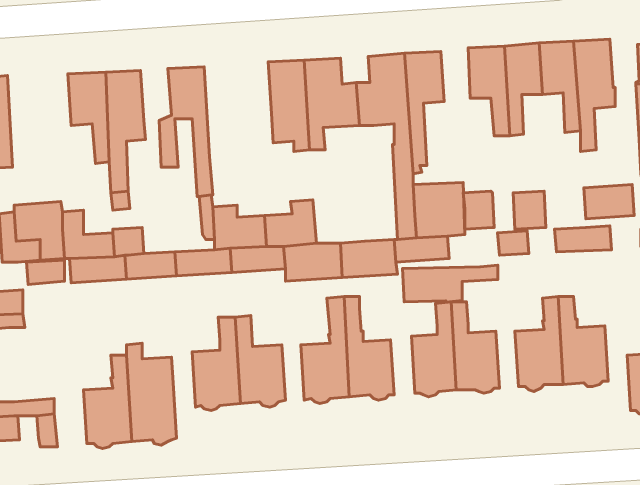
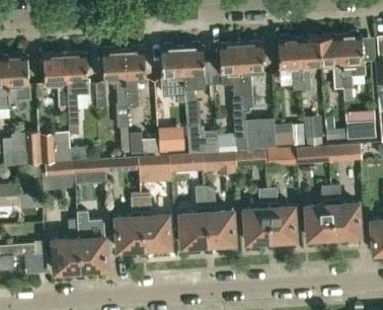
building: none -> [123,49,146,103]
building: none -> [7,53,29,109]
building: none -> [186,125,217,154]
building: [403,265,498,302] -> none

